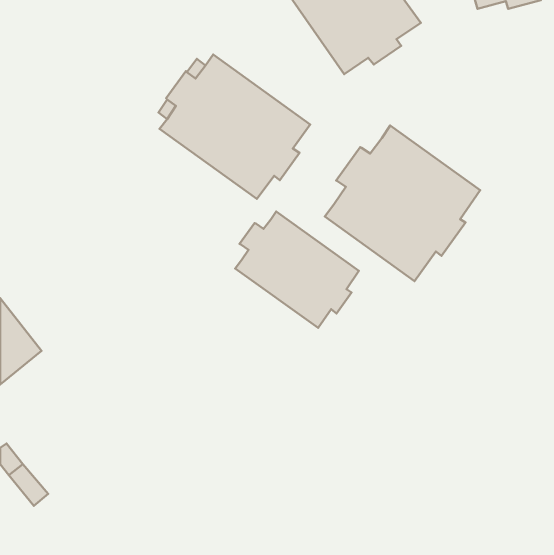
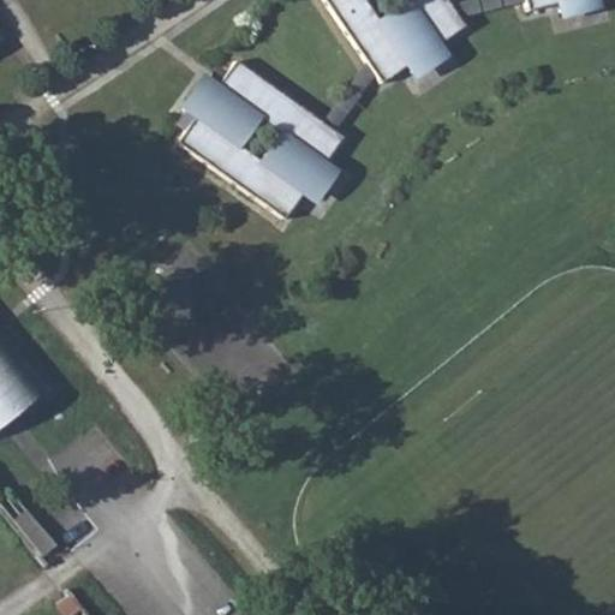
building: [325,125,480,281] -> none
building: [235,212,359,328] -> none

